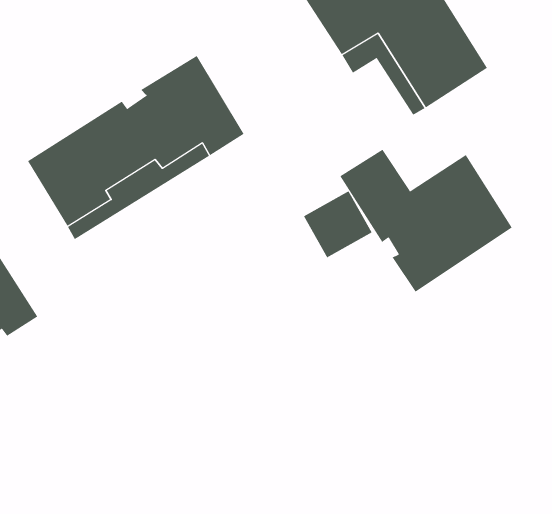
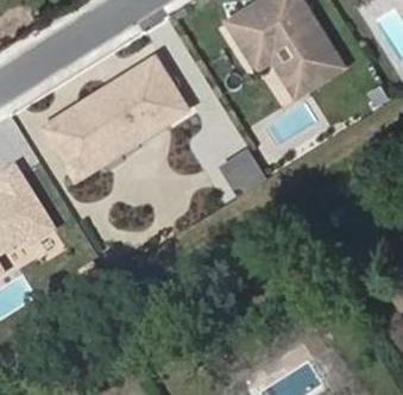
building: [340,149,513,292] -> none

